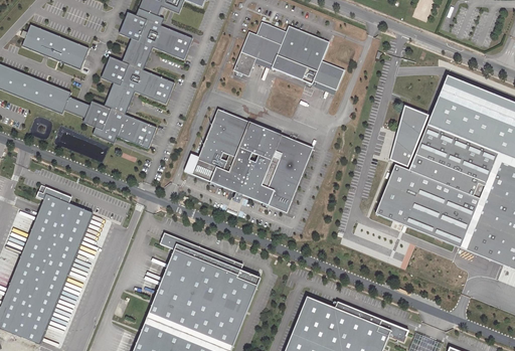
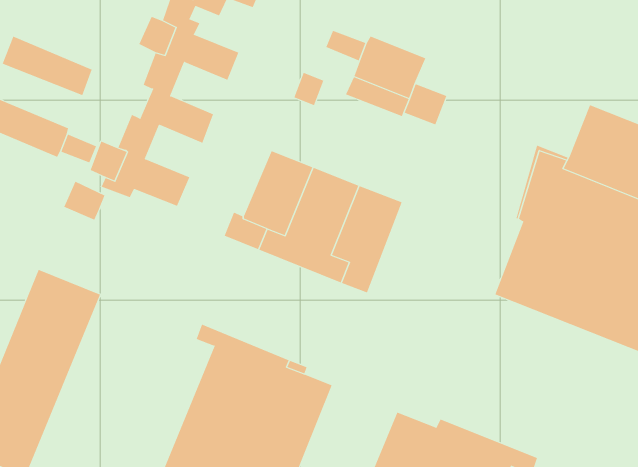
building: [239,31,280,64] -> none
building: [103,57,130,85] -> none
building: none -> [64,181,105,221]

